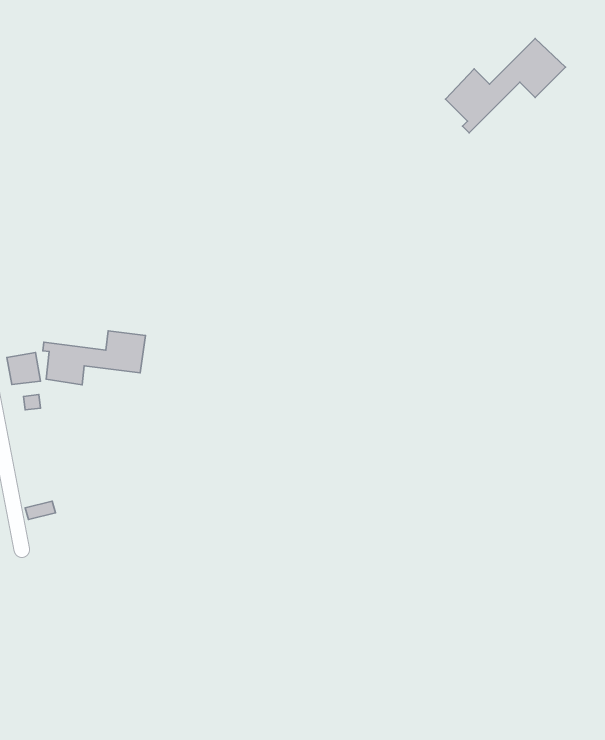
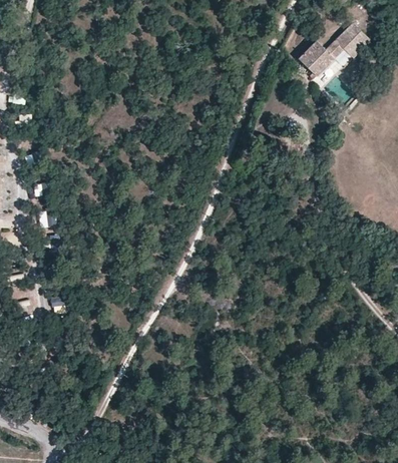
building: [43,331,145,385] -> none

